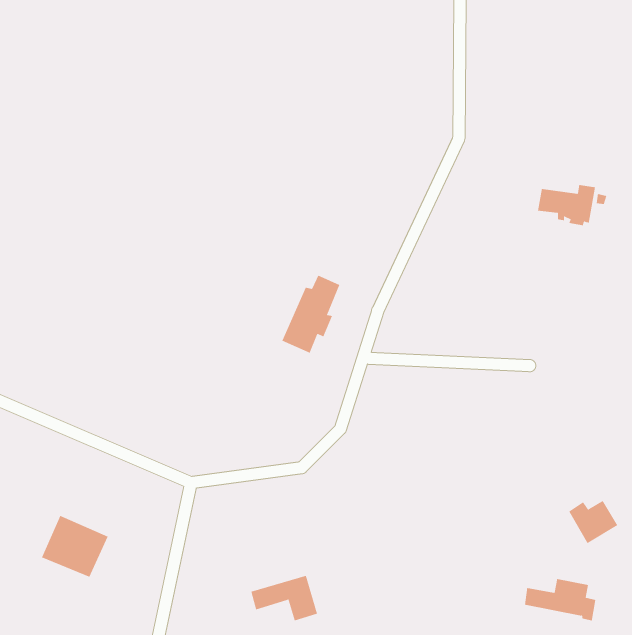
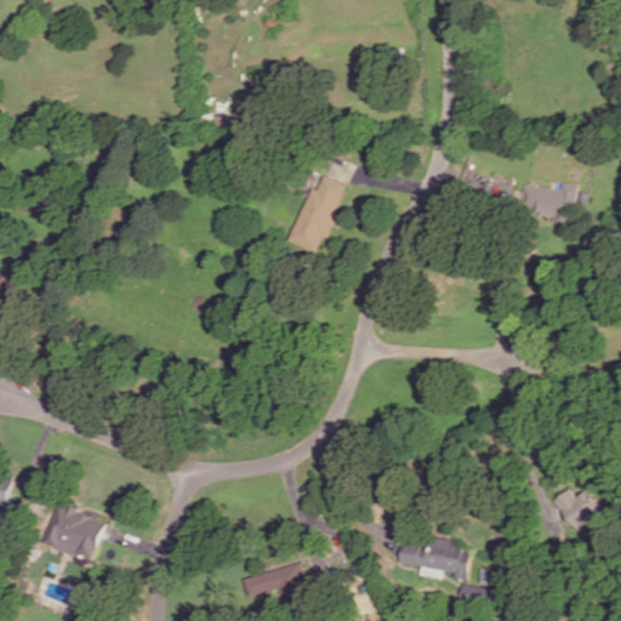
building: [282,275,340,353] -> [287,175,344,251]
building: [524,579,596,621] -> [401,535,472,576]

